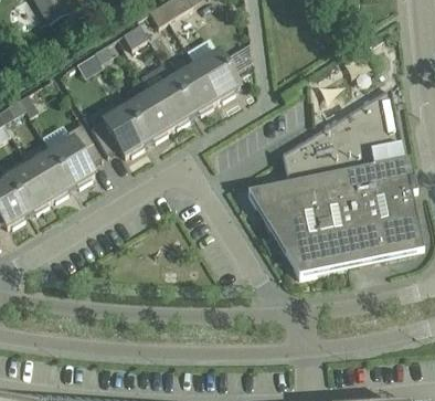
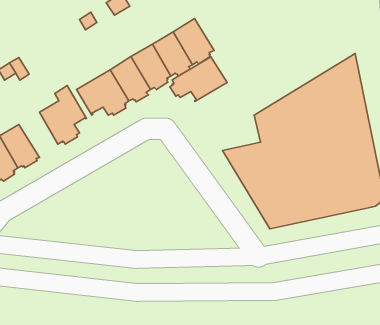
building: none -> [170,57,227,102]
building: [29,152,71,201] -> none

